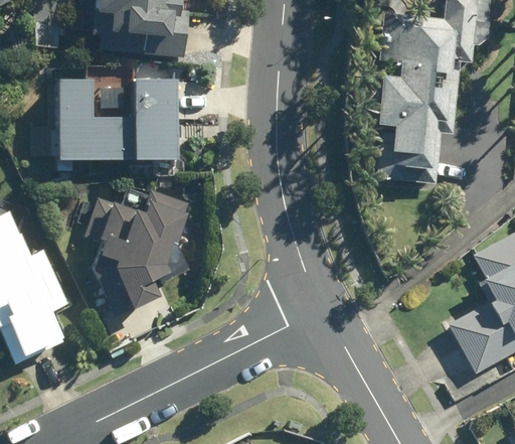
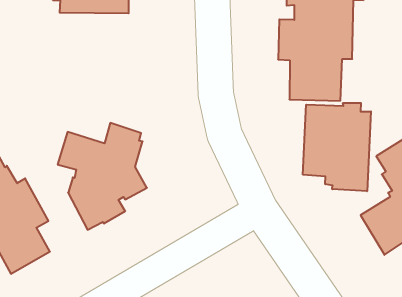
building: [55,79,179,159] -> none
building: none -> [303,103,371,191]

